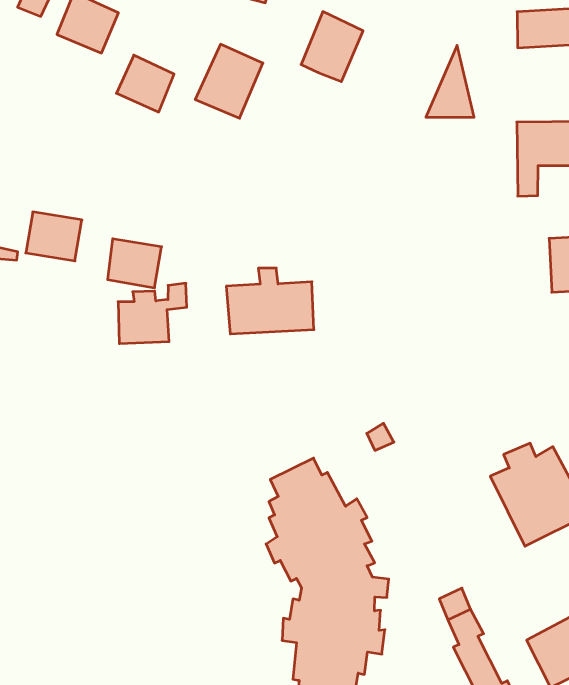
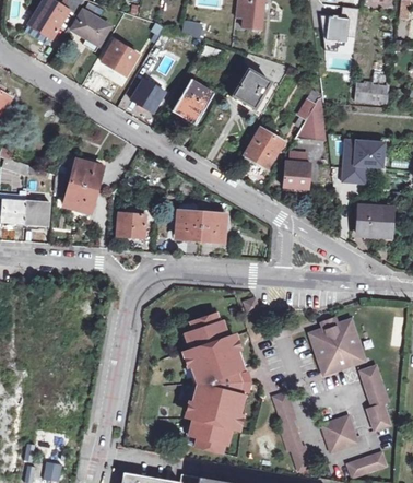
building: none -> [248,129,283,166]
building: none -> [285,161,311,188]
building: [108,239,162,288] -> [67,180,98,210]

